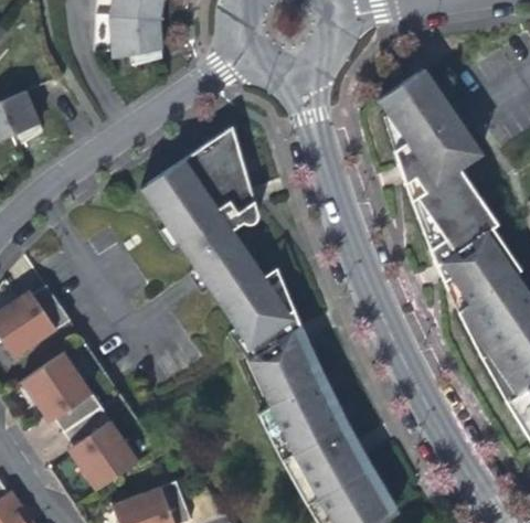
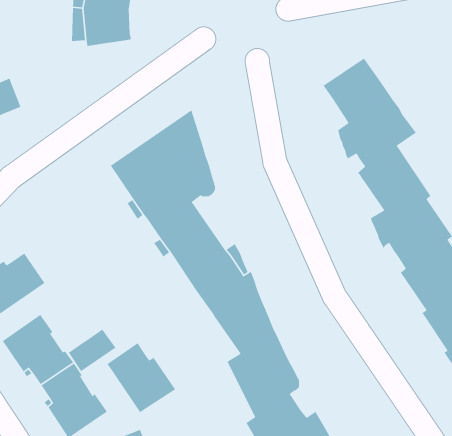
building: none -> [68,329,117,372]
building: none -> [106,342,176,413]

